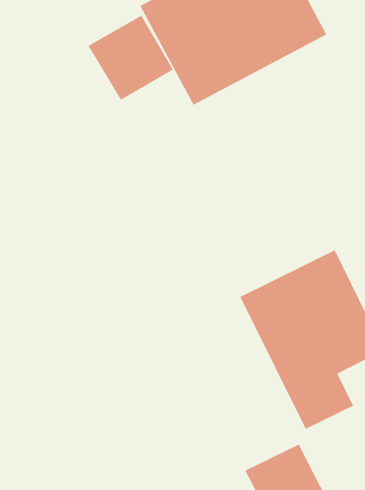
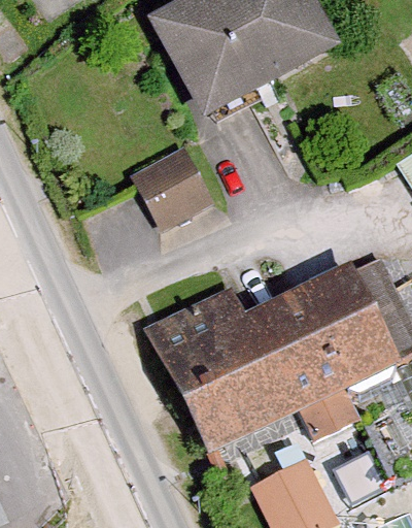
building: [87,15,174,100] -> [132,141,218,227]
building: none -> [158,308,301,457]

